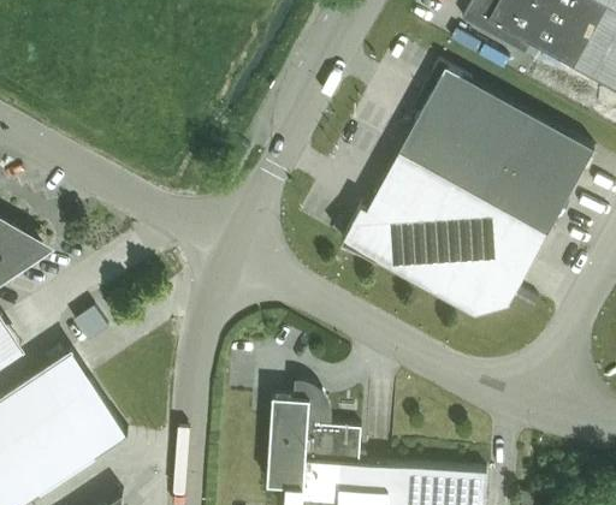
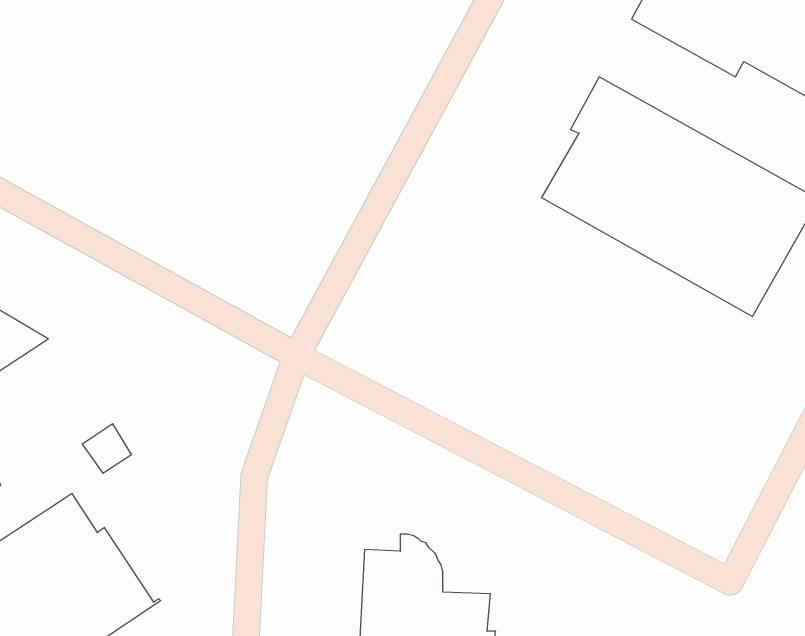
building: [339,149,547,316] -> none

